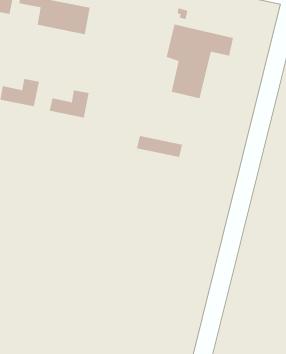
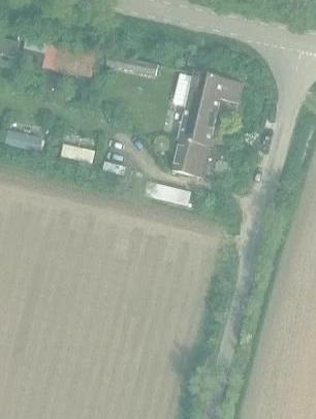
building: none -> [172,136,210,174]

